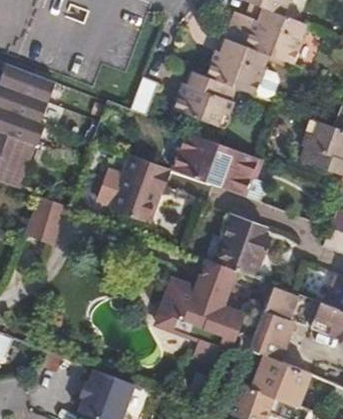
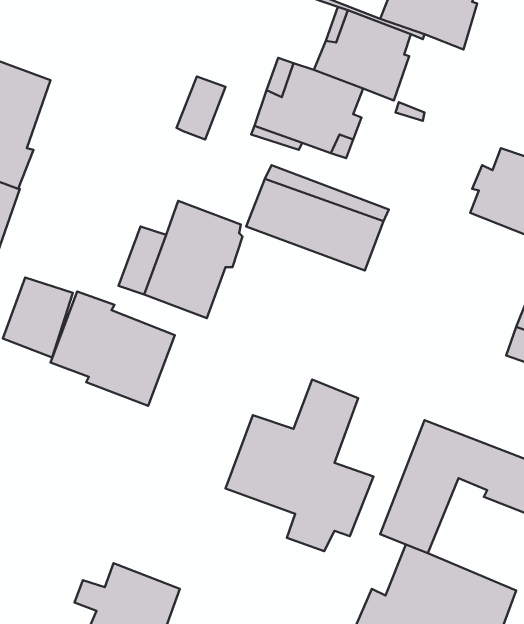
building: none -> [50,292,175,406]
building: [205,212,274,280] -> none

